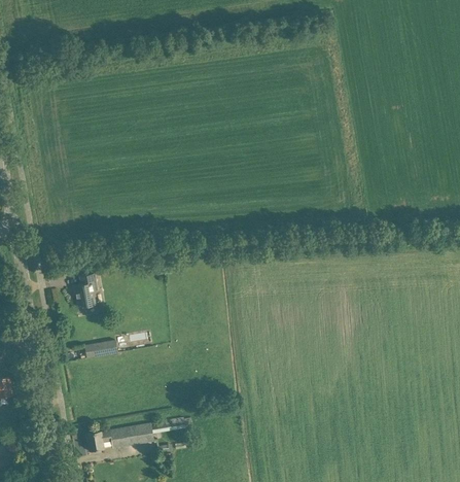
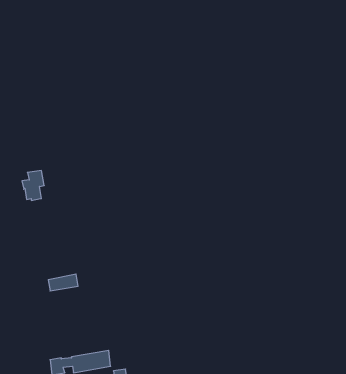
building: [72,274,97,307] -> [22,171,44,200]

